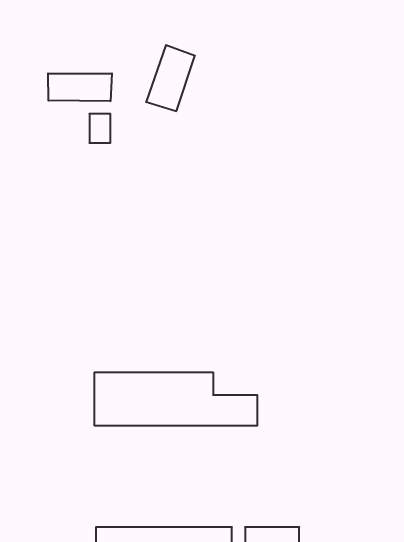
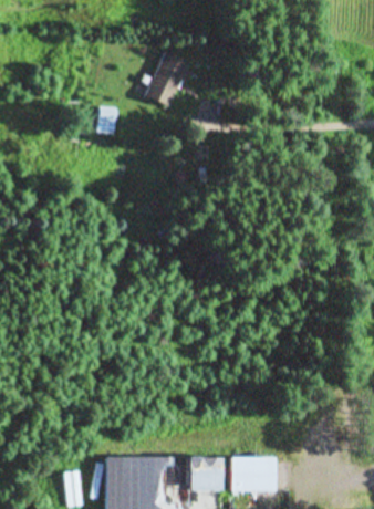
building: [48,73,112,101] -> none
building: [95,372,257,426] -> none

